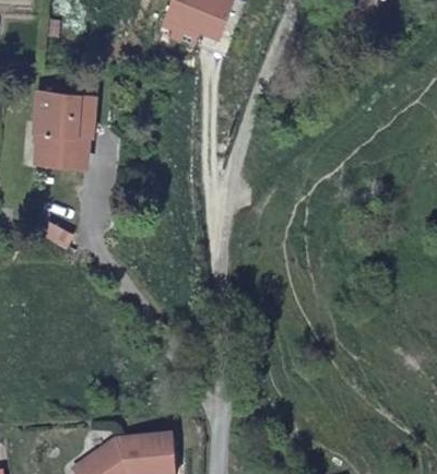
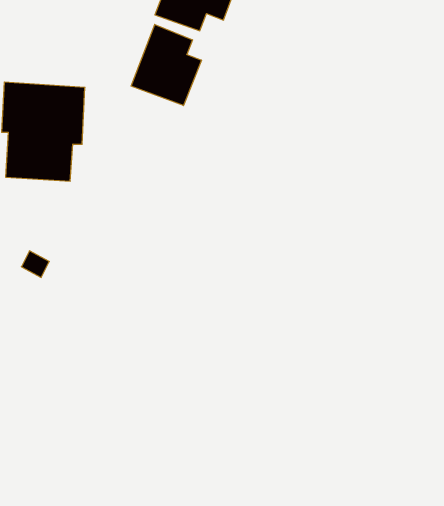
building: none -> [131,24,201,106]

